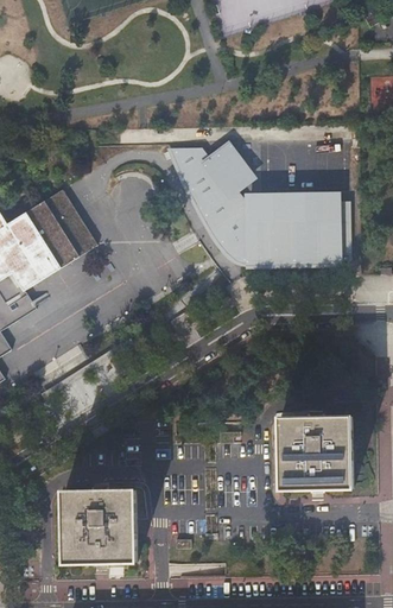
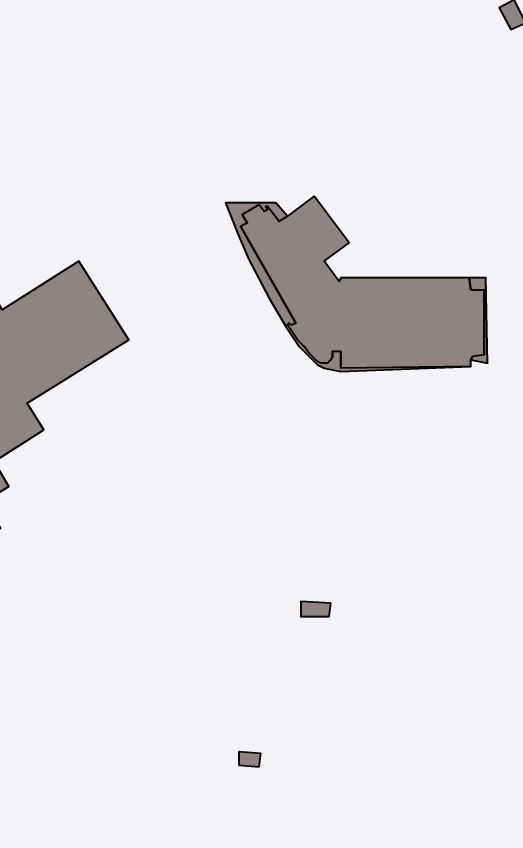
building: [279,413,351,490] -> none
building: [63,487,134,562] -> none

